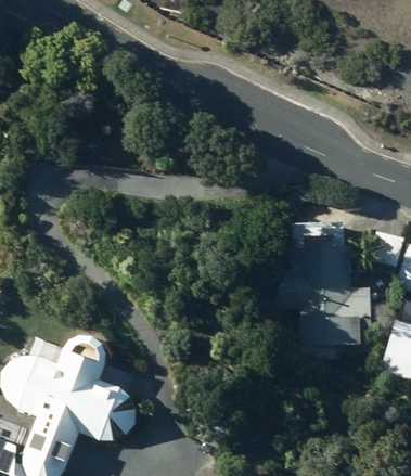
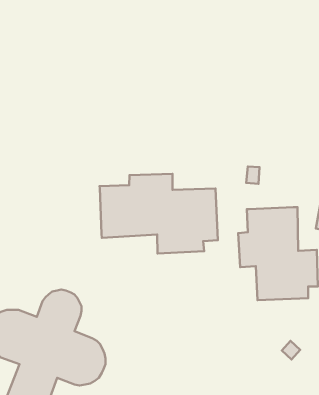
building: none -> [100,174,218,254]

